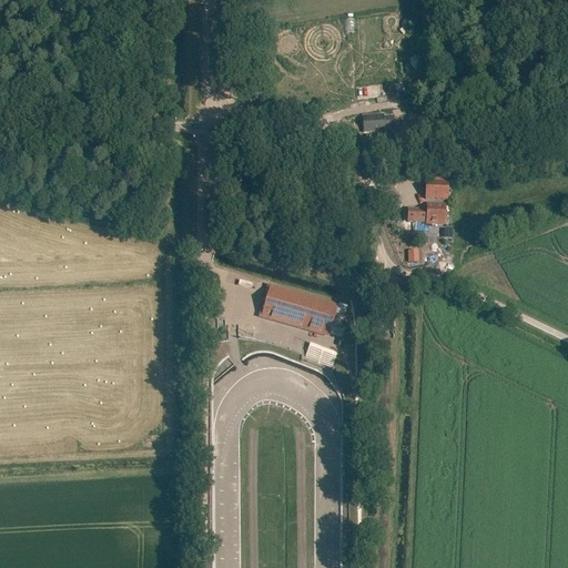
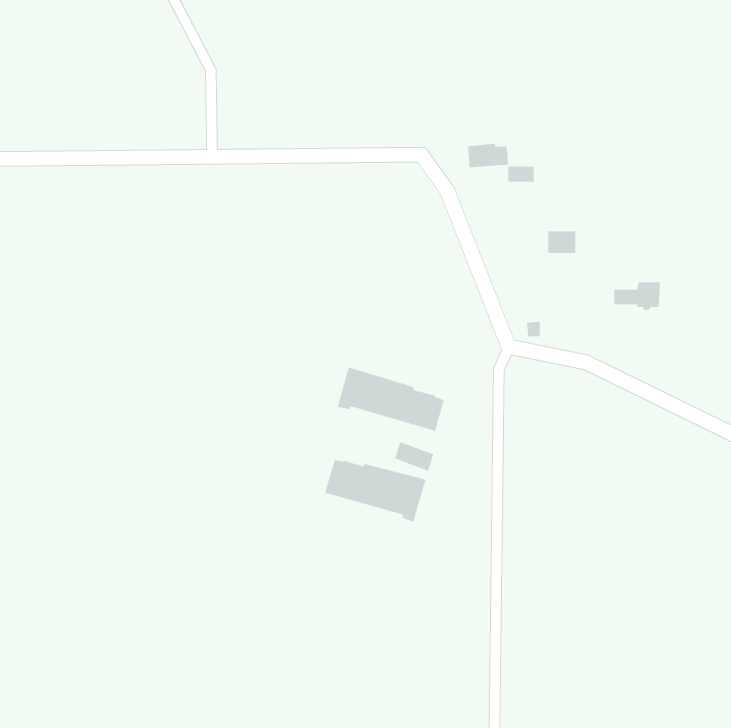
building: [408,202,445,224] -> [614,282,661,311]
building: none -> [325,459,426,523]

